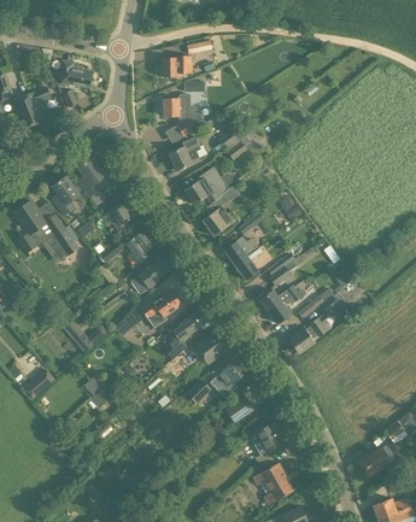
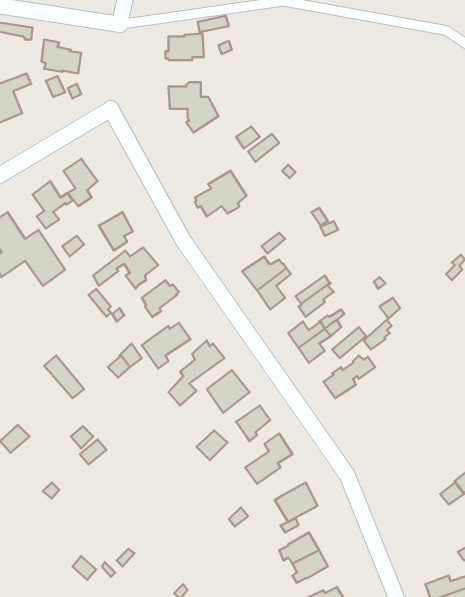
building: [168,140,200,170] -> none
building: [203,184,239,235] -> none
building: [358,446,391,476] -> none

